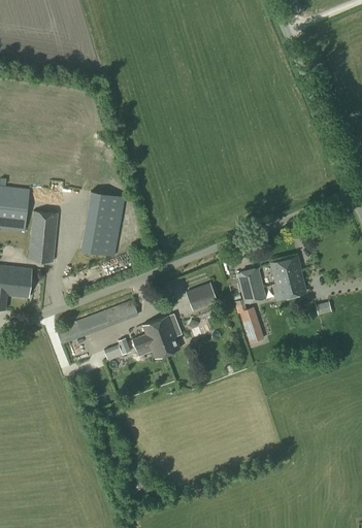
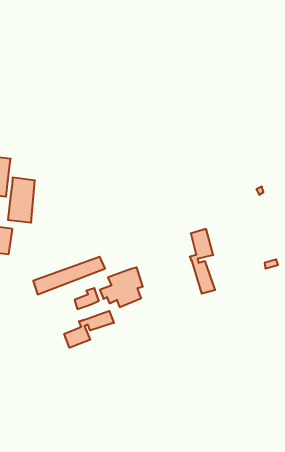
building: [79,192,125,256] -> none
building: [270,256,306,299] -> none
building: [187,285,217,312] -> none
building: none -> [64,311,114,348]

